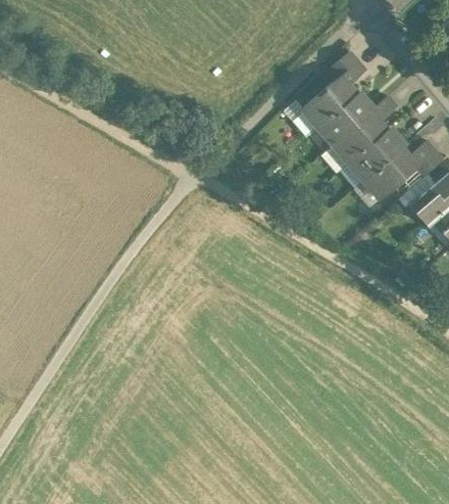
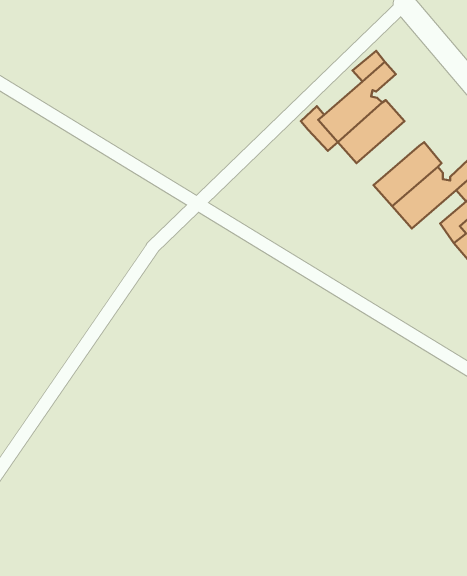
building: [334,97,397,163] -> none

